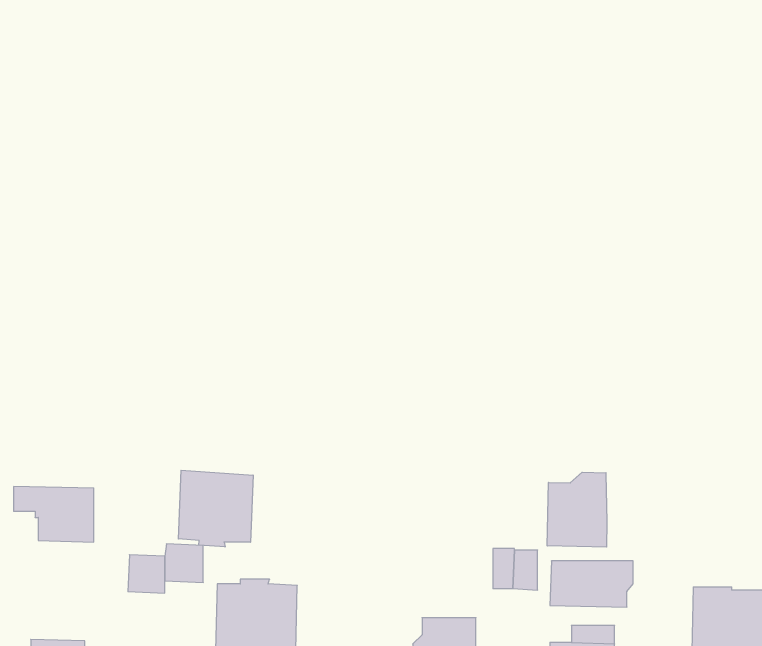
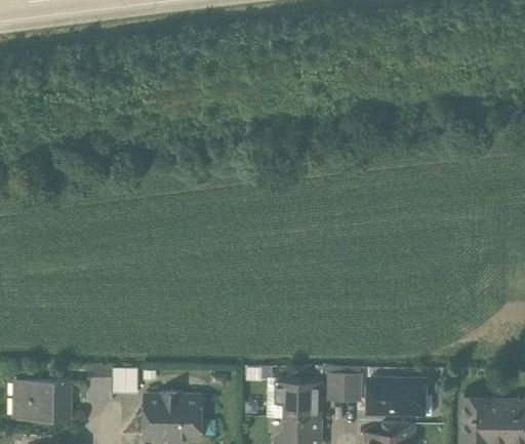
building: [178,470,253,547] -> none
building: [547,472,607,547] -> none
building: [14,487,94,542] -> [14,382,68,419]
building: none -> [274,384,319,419]

